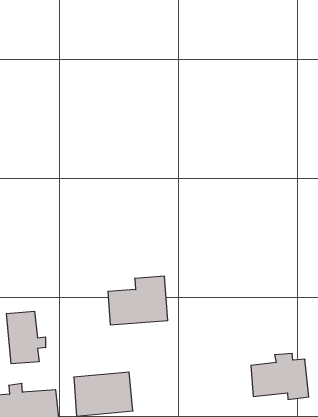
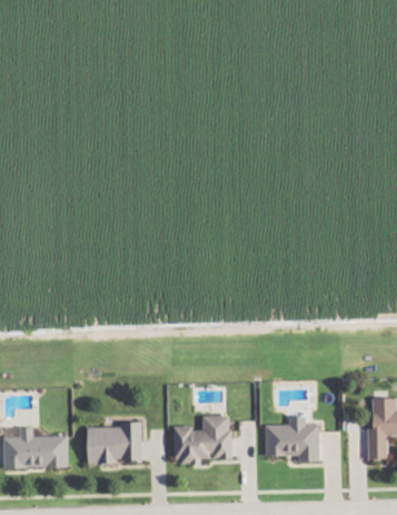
building: [108,276,168,325] -> [173,416,231,460]
building: [7,311,46,364] -> none

